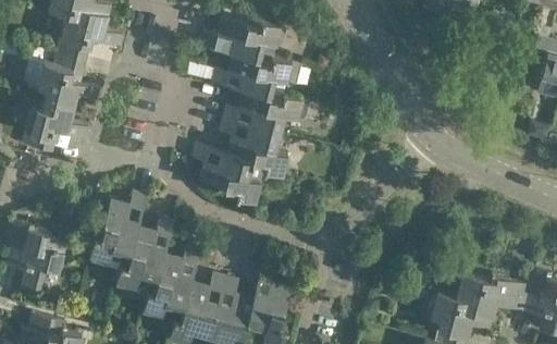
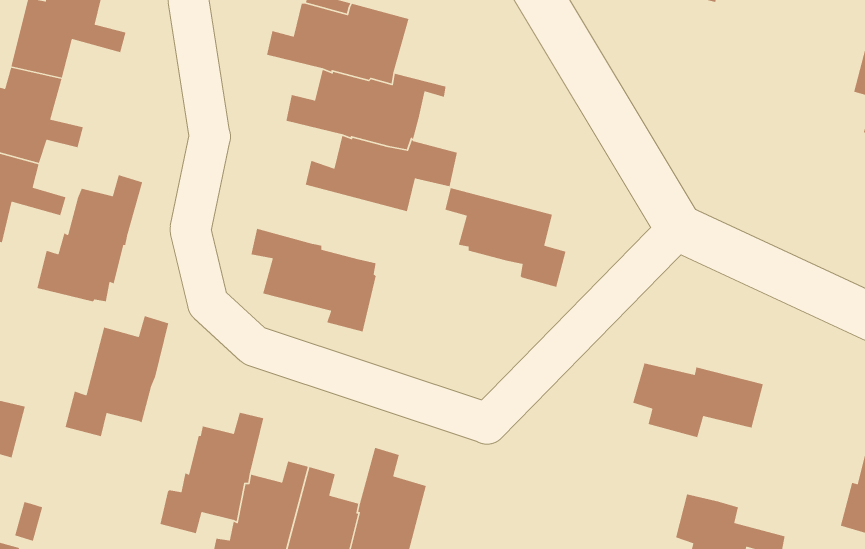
building: [219,120,287,176] -> [444,187,567,288]
building: [113,220,173,292] -> [37,174,143,302]
building: [455,274,529,317] -> [632,363,764,438]

